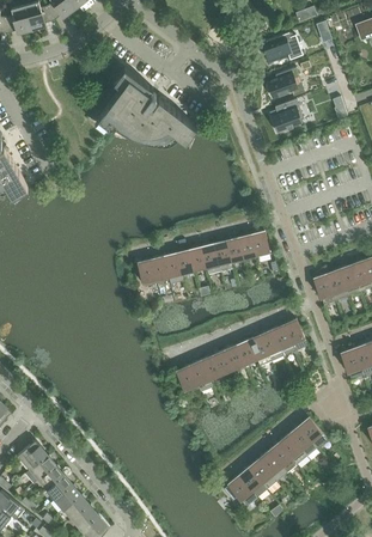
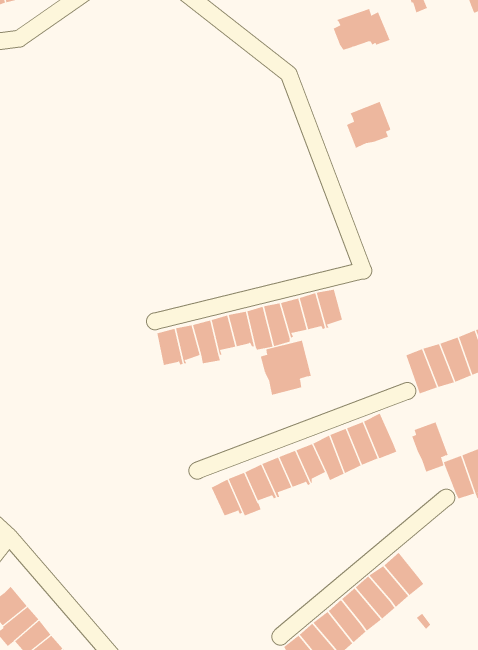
building: [97,67,196,142] -> none
building: [267,67,304,97] -> none
building: none -> [260,340,311,396]
building: none -> [412,421,448,473]

